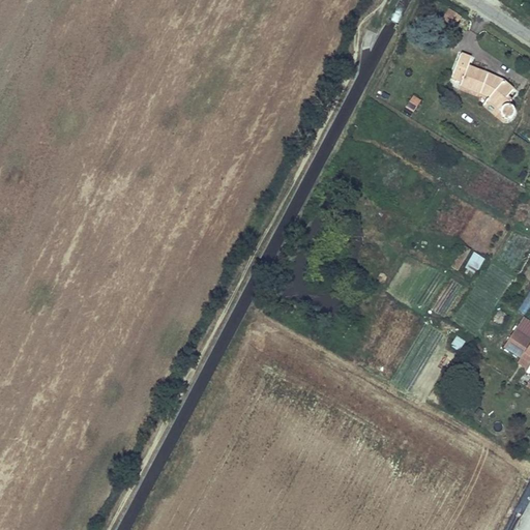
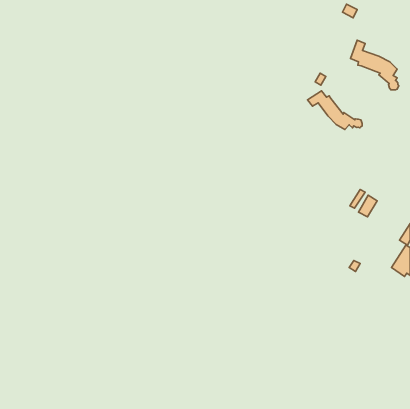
building: none -> [307,91,362,129]

